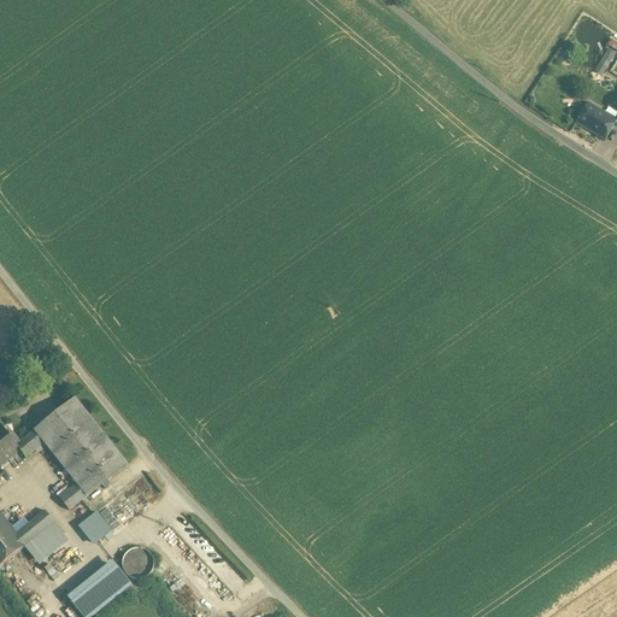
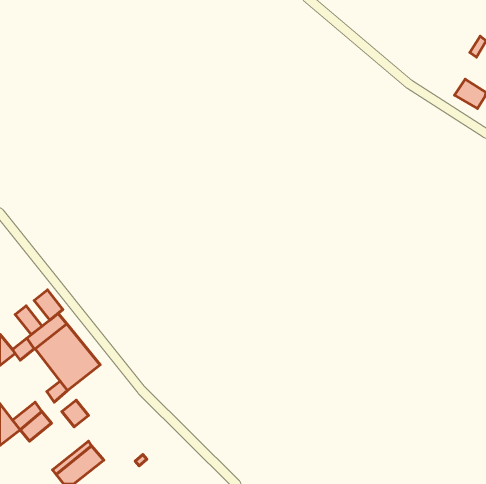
building: none -> [34,290,63,320]
building: none -> [15,306,42,335]
building: [122,546,153,577] -> none

